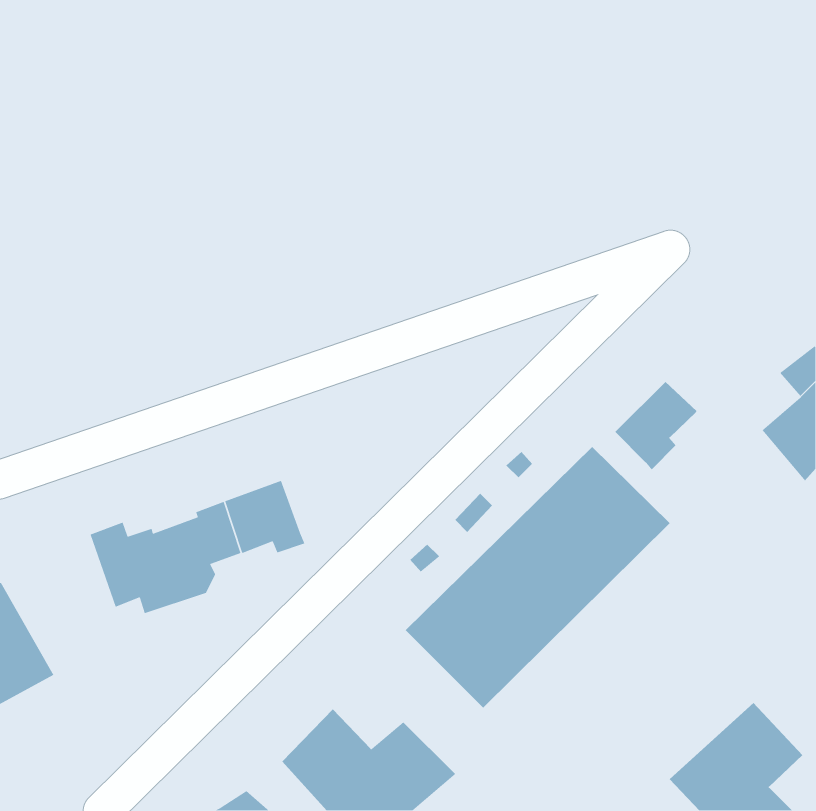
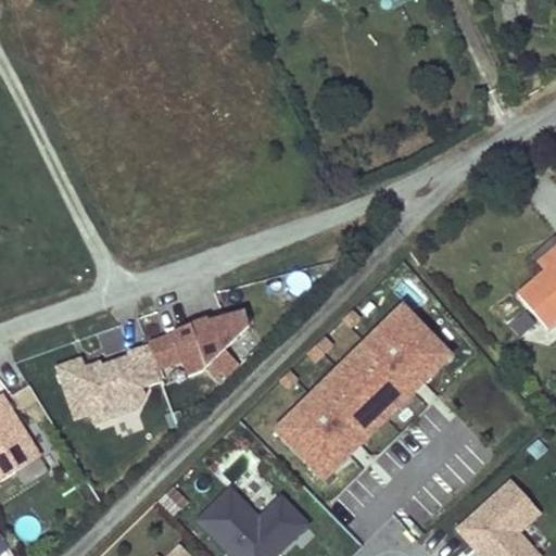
building: [614,381,697,471] -> none
building: none -> [191,311,262,378]

